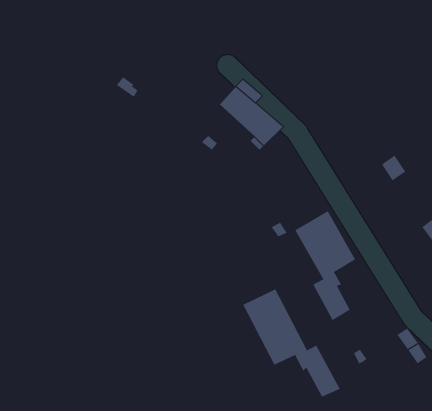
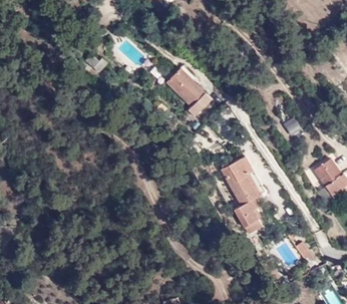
building: [243,288,340,397] -> none

